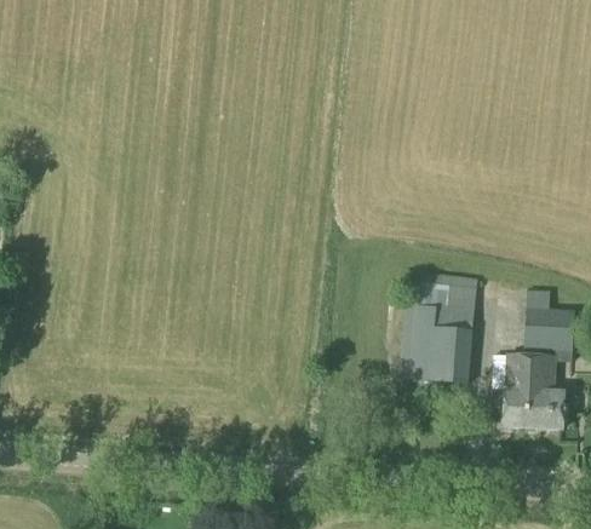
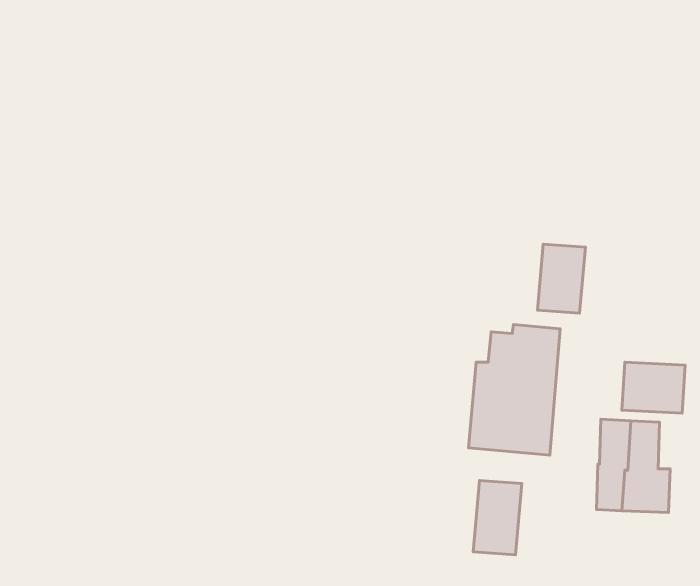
building: none -> [537,244,585,313]
building: none -> [473,481,522,555]

